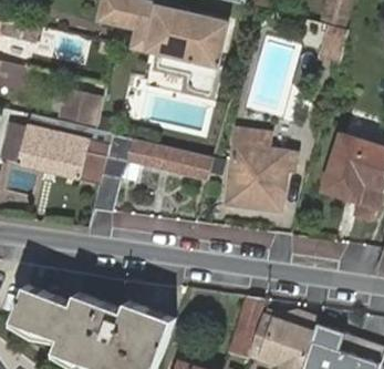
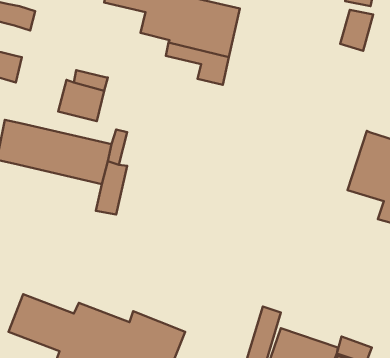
building: [225,129,294,211] -> none
building: [128,140,214,180] -> none

